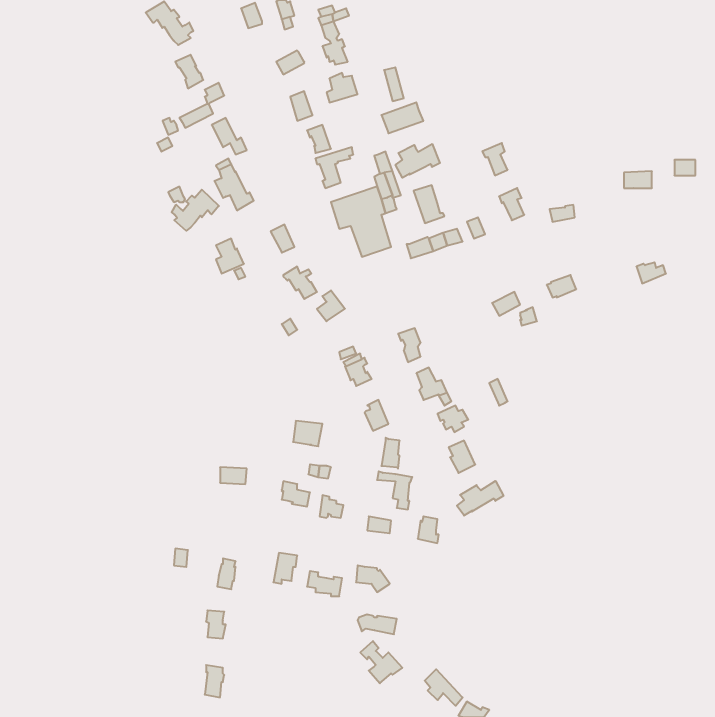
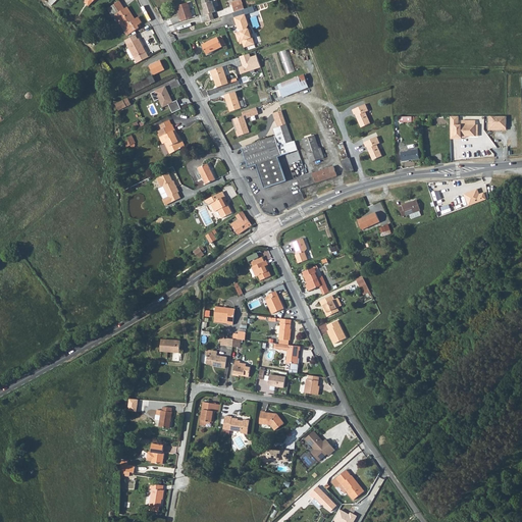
building: [396,144,440,178] -> none
building: [172,190,219,231] -> none
building: [457,481,503,516] -> none
building: [360,641,402,683] -> [304,430,334,461]
building: none -> [331,470,364,500]

